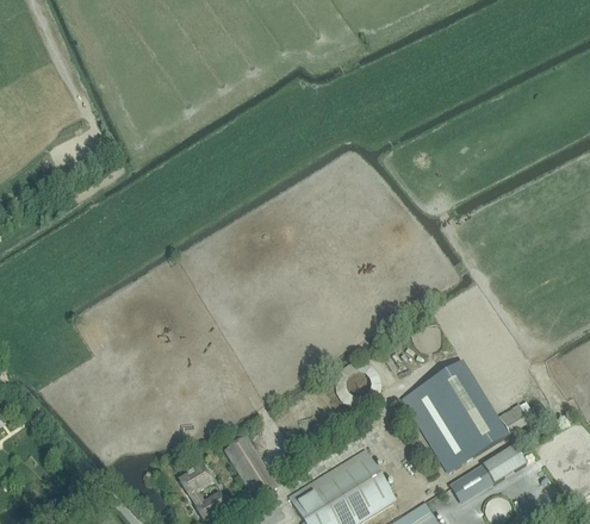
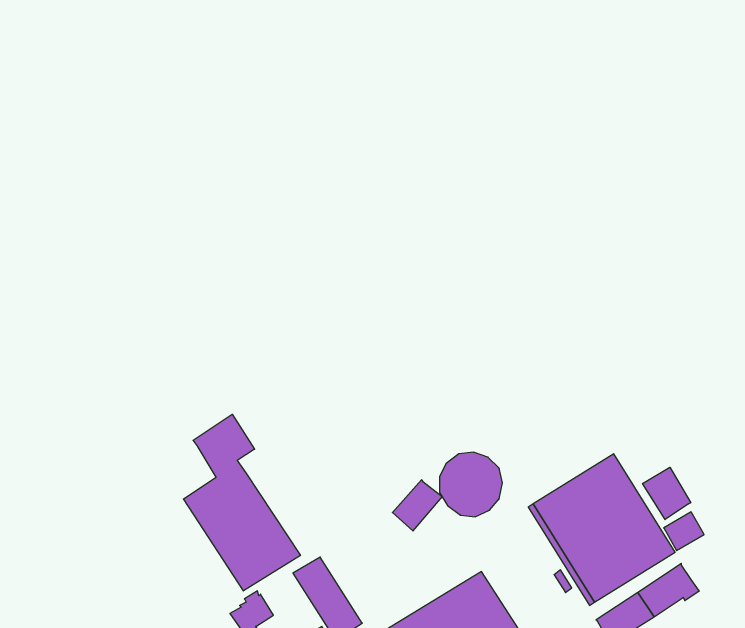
building: none -> [183,414,300,591]
building: none -> [643,467,691,520]
building: none -> [392,480,442,531]

